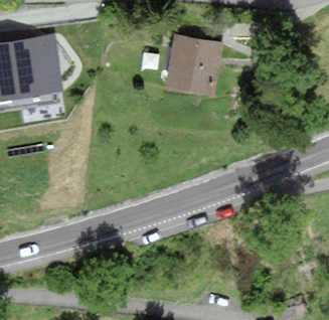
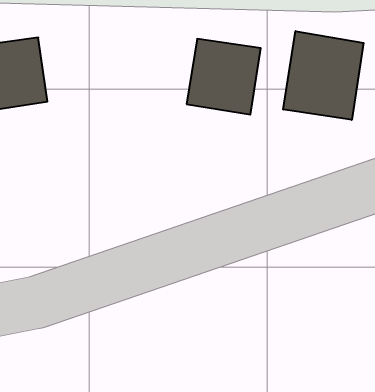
building: none -> [283,31,364,120]

